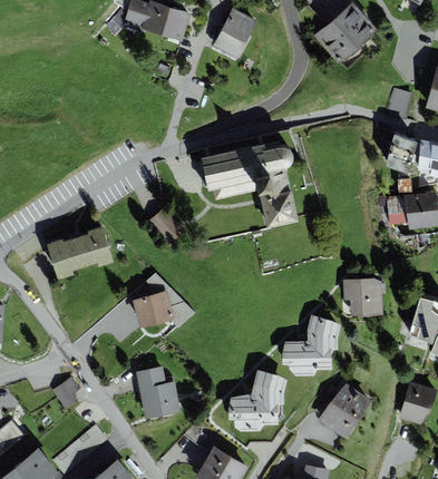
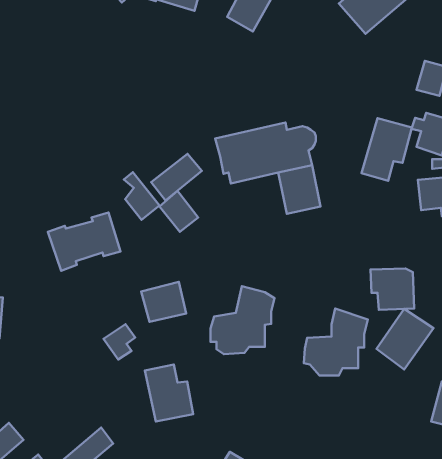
building: none -> [361,118,412,181]
building: none -> [151,154,202,200]
building: none -> [124,172,160,220]
building: [228,369,288,431] -> [210,286,275,354]
building: [52,375,81,408] -> [104,324,135,359]
building: [320,382,372,438] -> [376,309,433,370]

